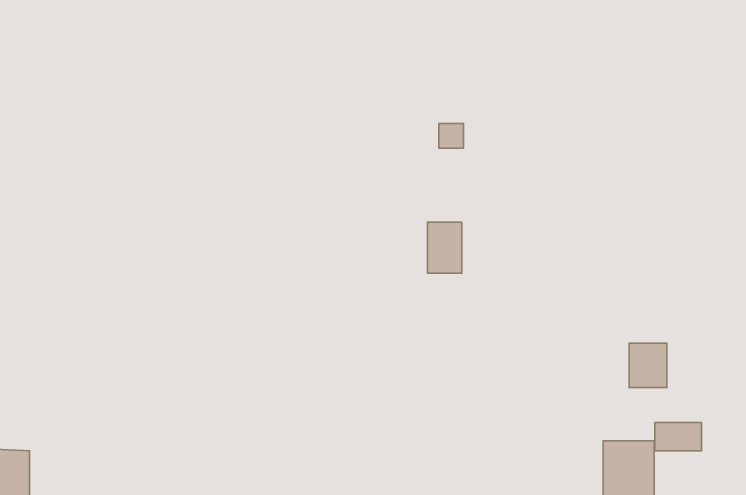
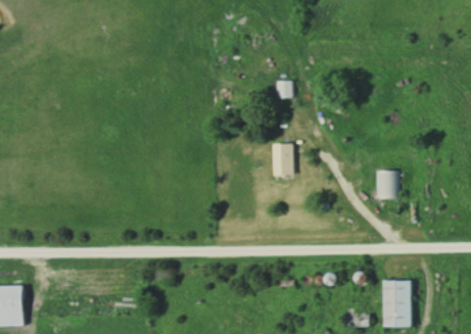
building: [629,343,667,387] -> [376,171,399,198]
building: [655,423,701,451] -> none

